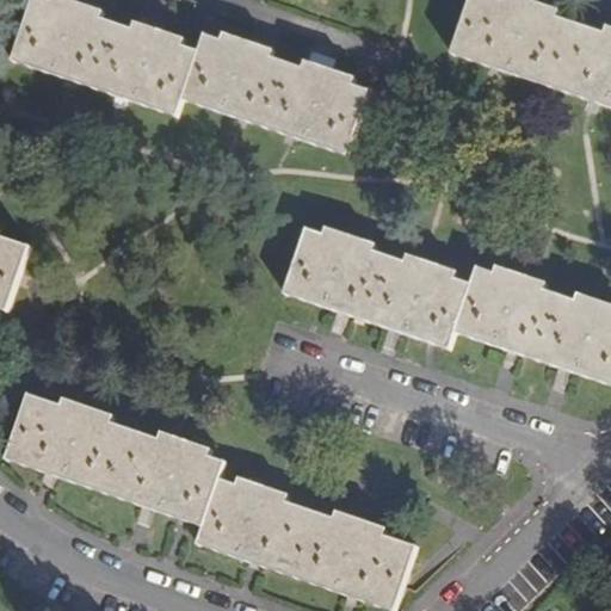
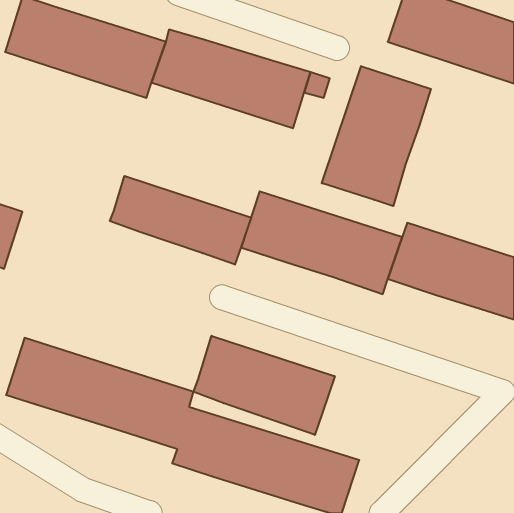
building: none -> [322,66,431,206]
building: none -> [110,176,251,265]
building: none -> [193,336,335,435]

